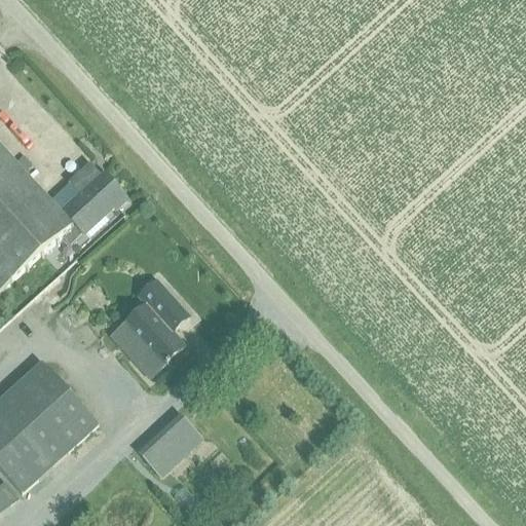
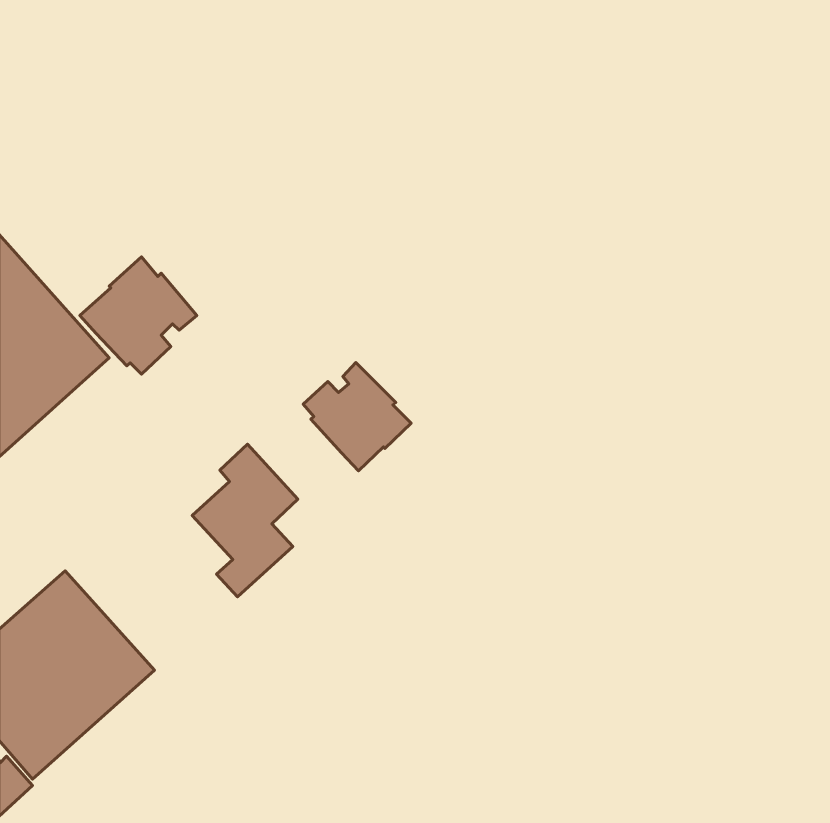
building: none -> [303,362,411,471]
building: [140,412,205,475] -> none

